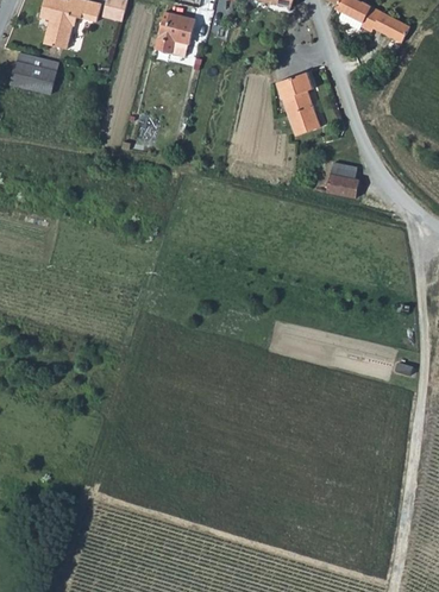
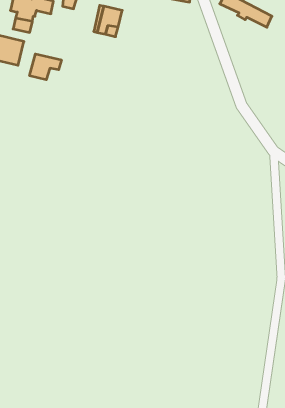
building: [276,71,319,136] -> none
building: none -> [30,54,61,80]
building: [328,164,358,199] -> none

